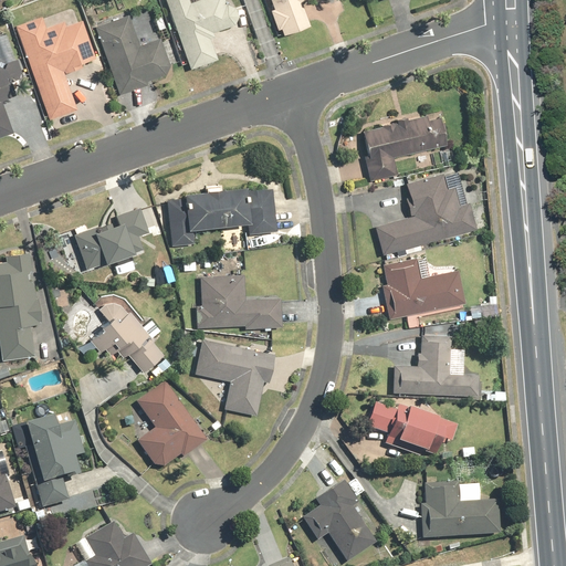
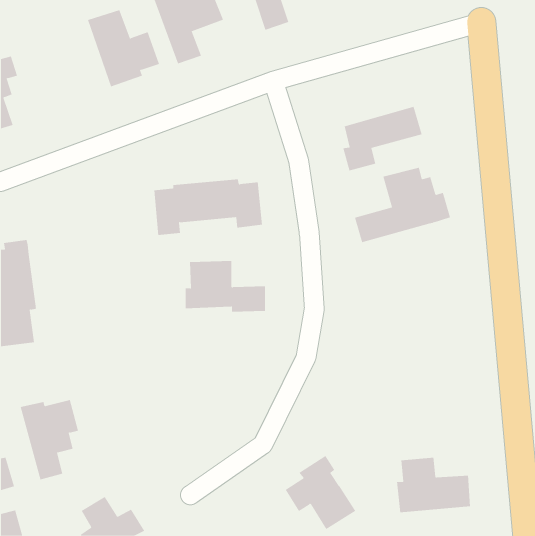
building: [15,12,95,118] -> none
building: [74,206,150,271] -> none
building: [380,261,464,321] -> none
building: [90,297,165,376] -> none
building: [392,336,479,394] -> none
building: [195,340,277,412] -> none
building: [135,378,205,465] -> none
building: [366,402,447,457] -> none

